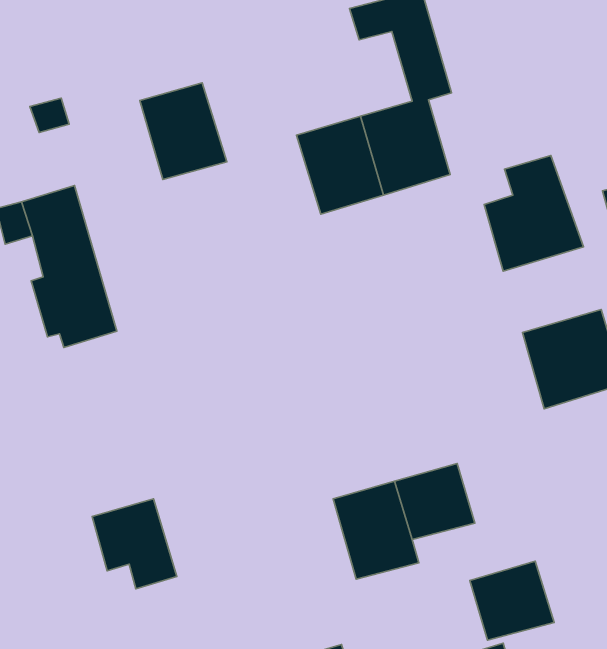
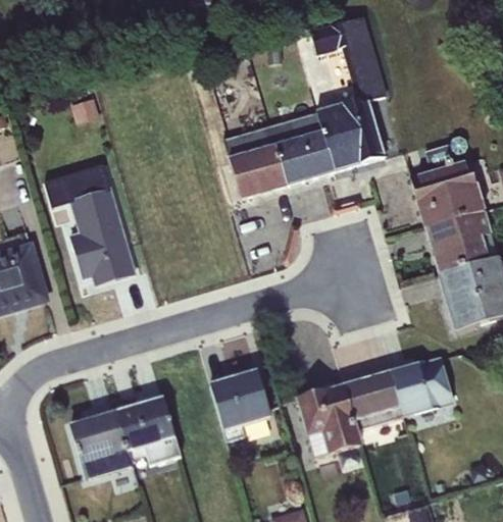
building: [140,83,227,179] -> [222,124,288,197]
building: none -> [424,208,498,272]
building: none -> [209,369,270,439]
building: none -> [70,410,132,477]
building: [470,561,554,640] -> [390,356,453,415]

